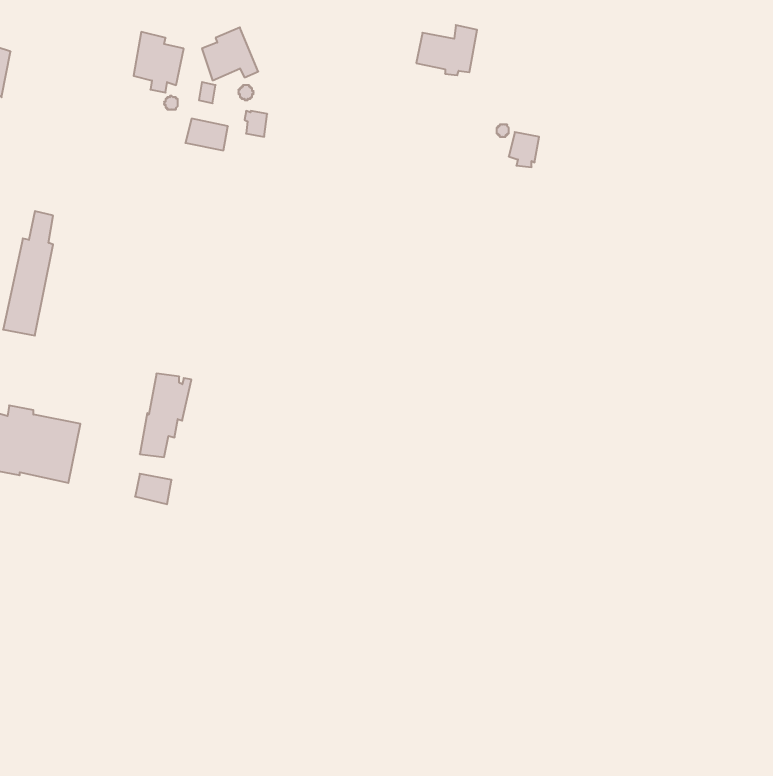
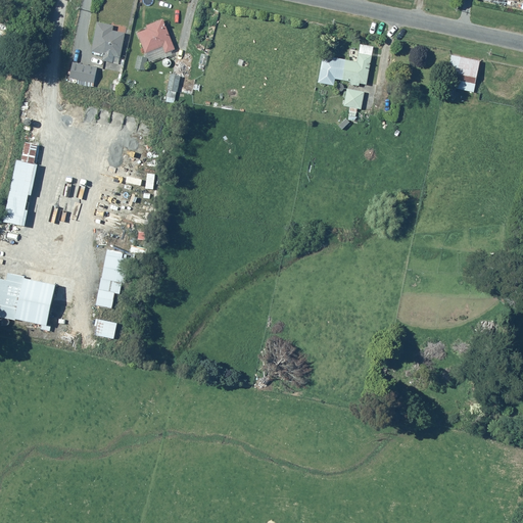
building: [416,25,477,75] -> [330,52,371,86]
building: none -> [442,54,479,96]
building: [185,119,228,150] -> [67,61,96,83]

